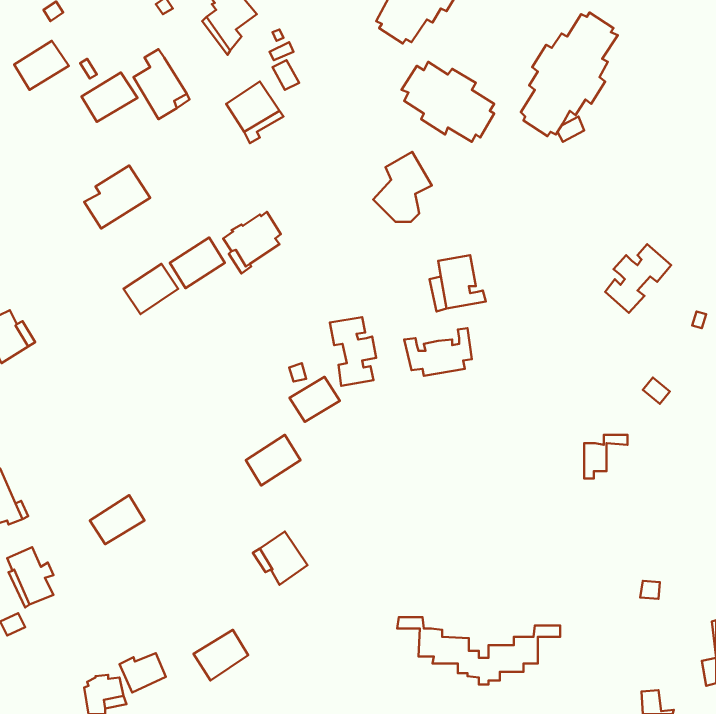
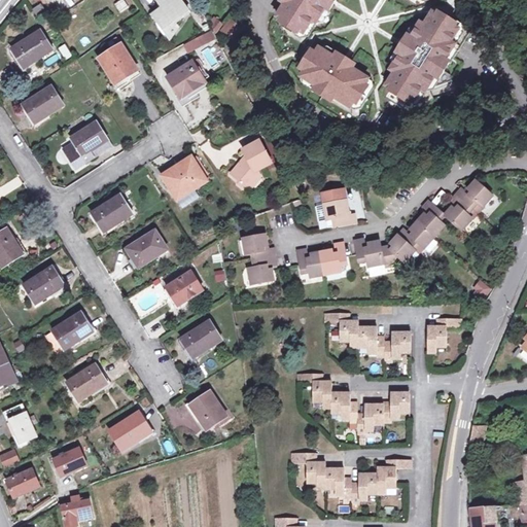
building: [81,73,138,122] -> [22,85,63,121]
building: [373,152,432,222] -> [226,137,270,188]
building: [170,238,225,288] -> [126,230,166,267]
building: none -> [355,200,445,266]
building: none -> [23,266,63,303]
building: [289,377,340,422] -> [165,271,202,304]
building: none -> [51,311,92,348]
building: none -> [325,312,410,361]
building: none -> [297,373,410,432]
building: [194,630,248,680] -> [109,412,149,449]
building: none -> [6,468,39,496]
building: [119,653,166,692] -> [51,447,85,476]

